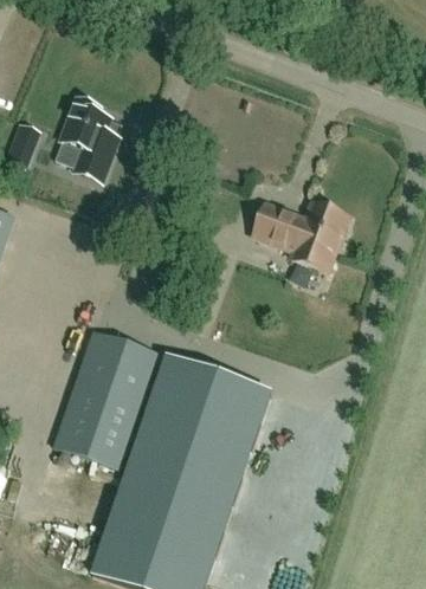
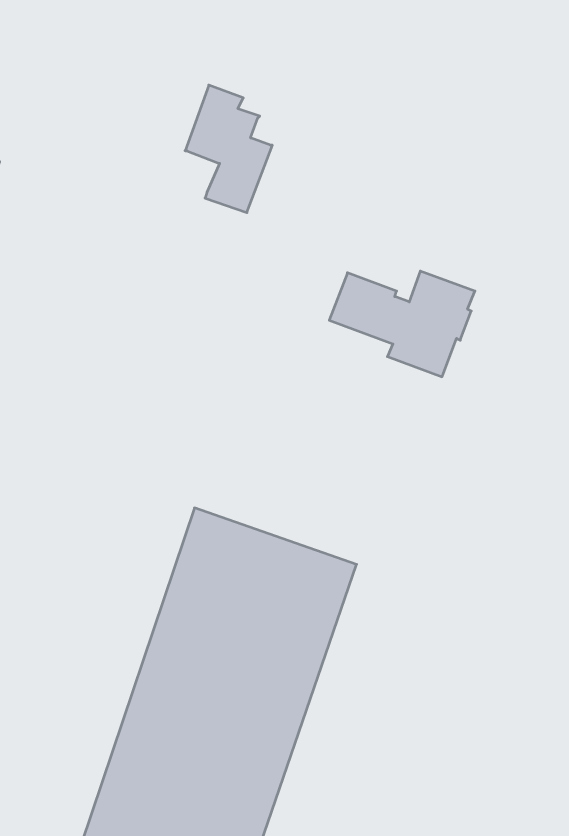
building: [64,99,121,182] -> [185,85,272,213]
building: [54,330,162,468] -> none

